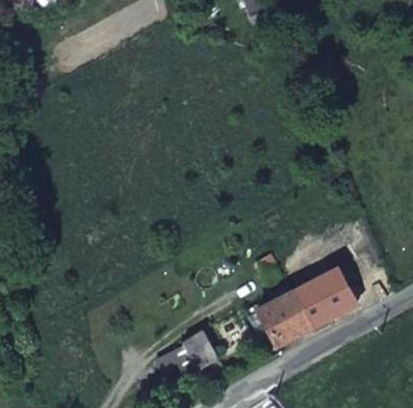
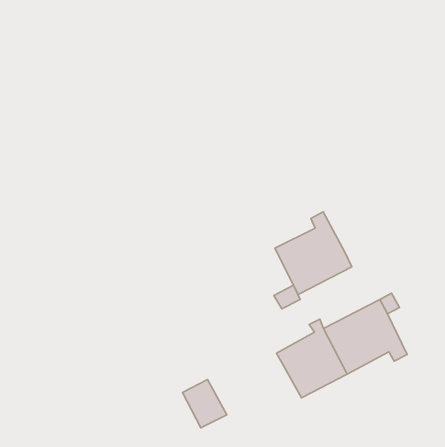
building: none -> [275,212,352,294]

